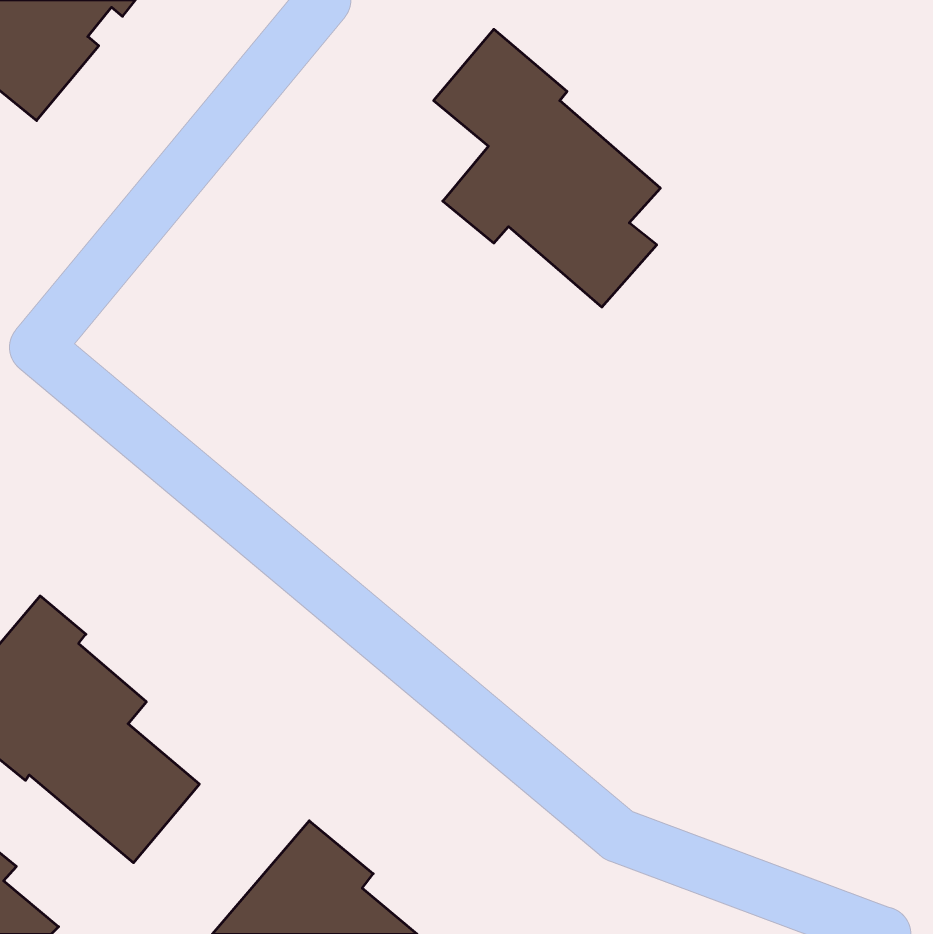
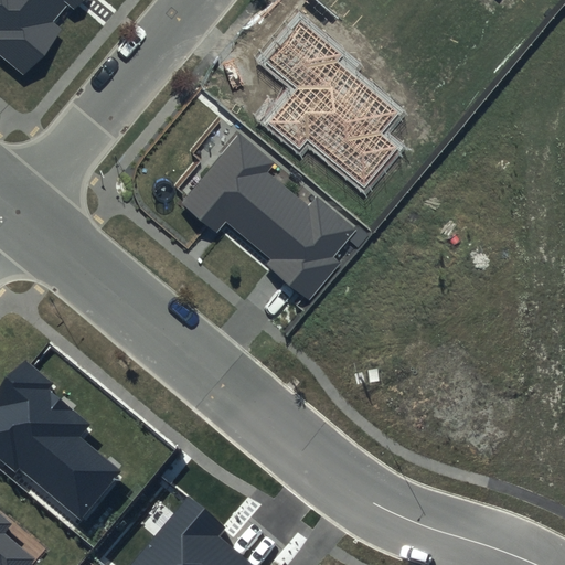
building: none -> [181,135,354,299]

